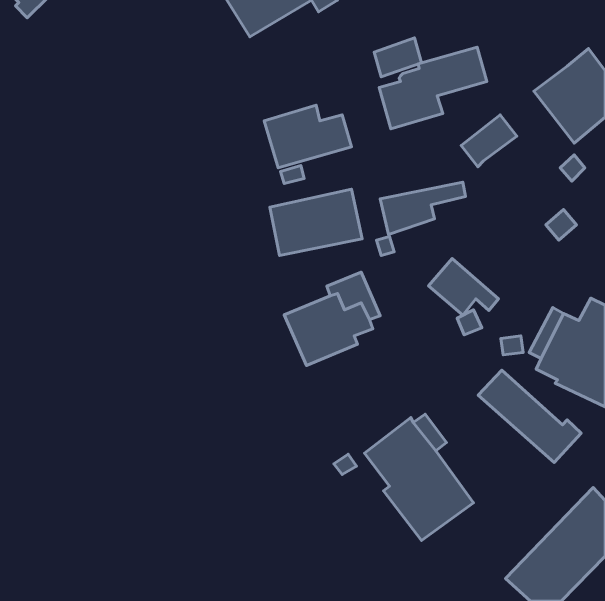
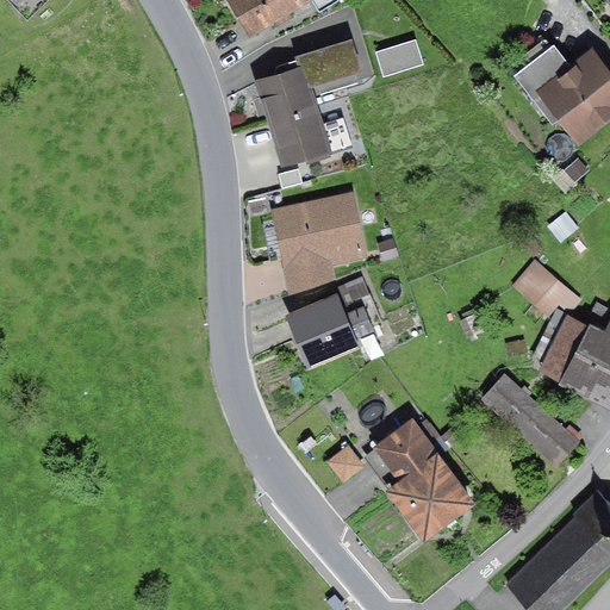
building: [379,47,487,129] -> [254,39,362,122]
building: [461,115,517,167] -> [515,45,571,98]
building: [380,182,465,234] -> [281,241,367,293]
building: [429,258,498,315] -> [512,256,583,313]

